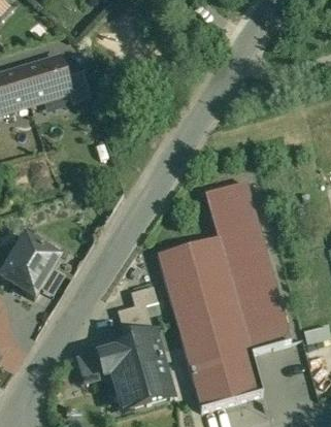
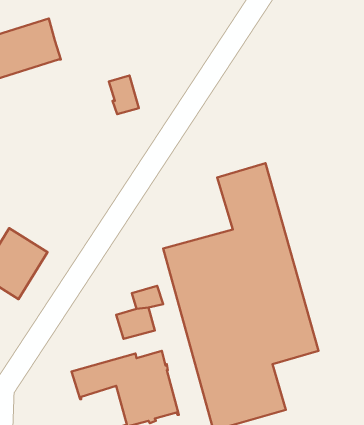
building: [65,69,91,102] -> [109,76,139,114]

